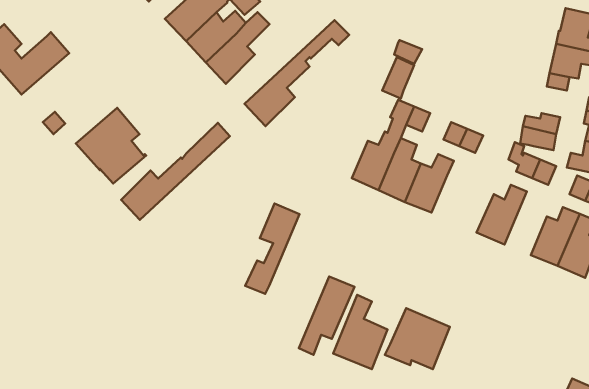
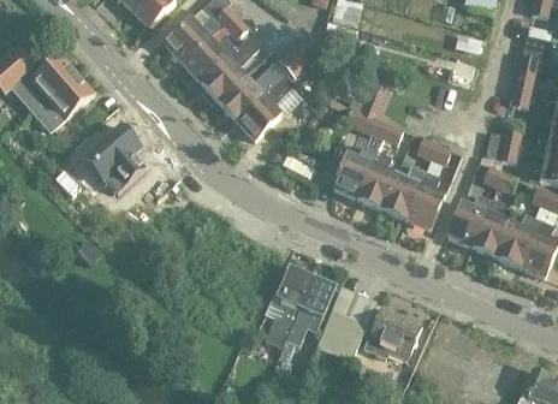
building: none -> [34,75,94,131]
building: [121,123,230,220] -> [219,32,317,120]
building: none -> [405,172,445,230]
building: none -> [471,200,510,257]
building: [245,203,300,294] -> [263,267,313,349]

